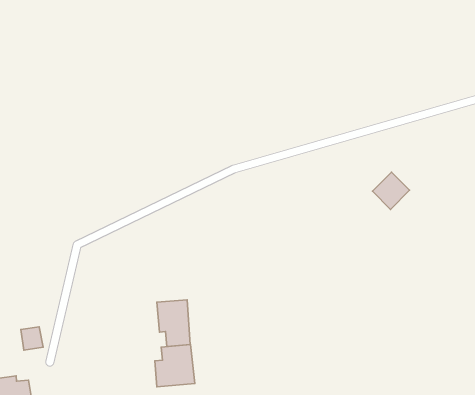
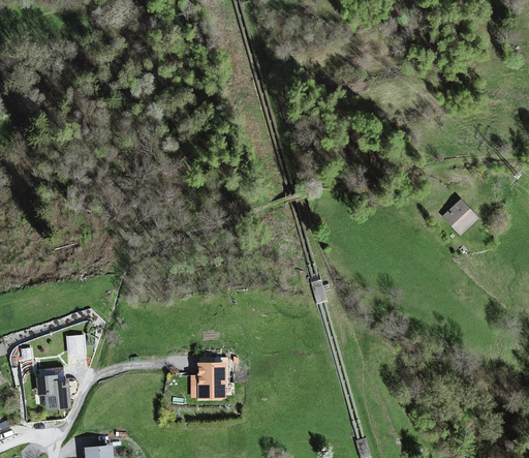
building: [372,172,410,209] -> [443,200,478,235]
building: [157,300,190,347] -> none

